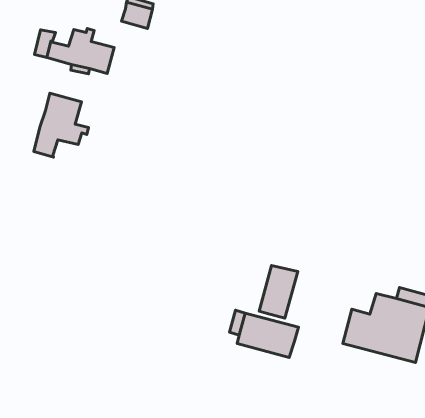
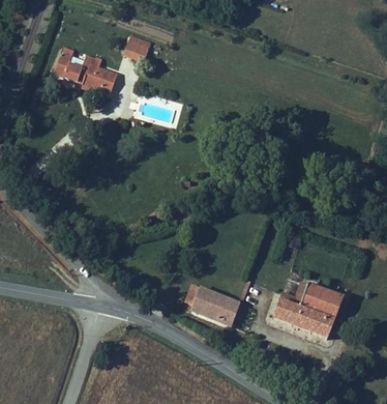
building: [34,93,88,157] -> none
building: [259,266,298,318] -> none

